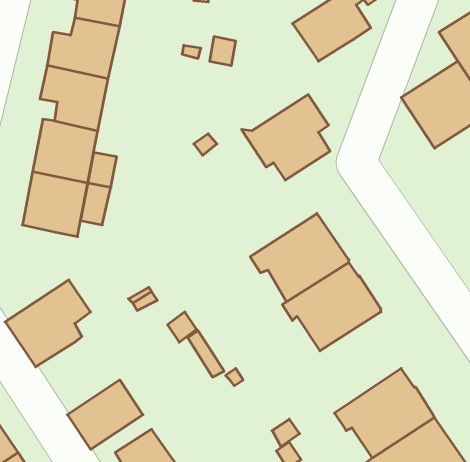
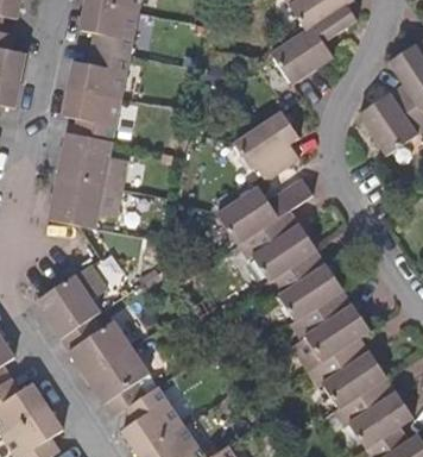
building: none -> [219,176,314,242]
building: none -> [286,289,370,373]
building: none -> [59,314,128,374]

